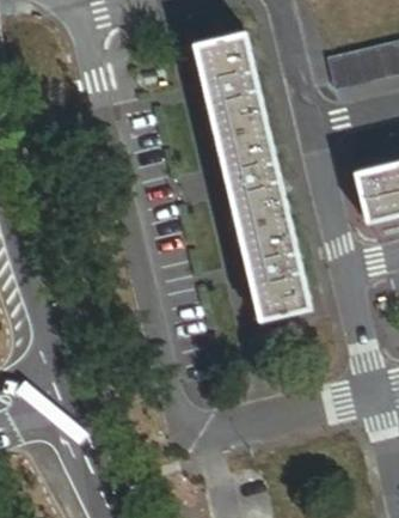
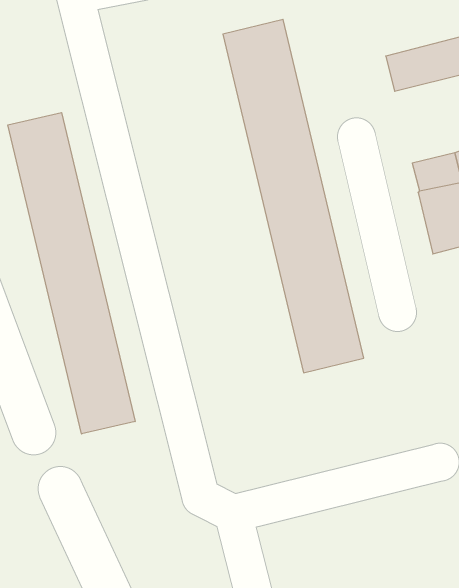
building: none -> [8,113,135,434]

